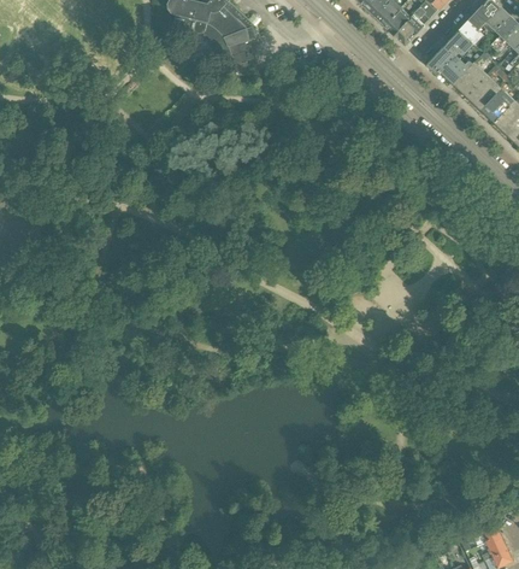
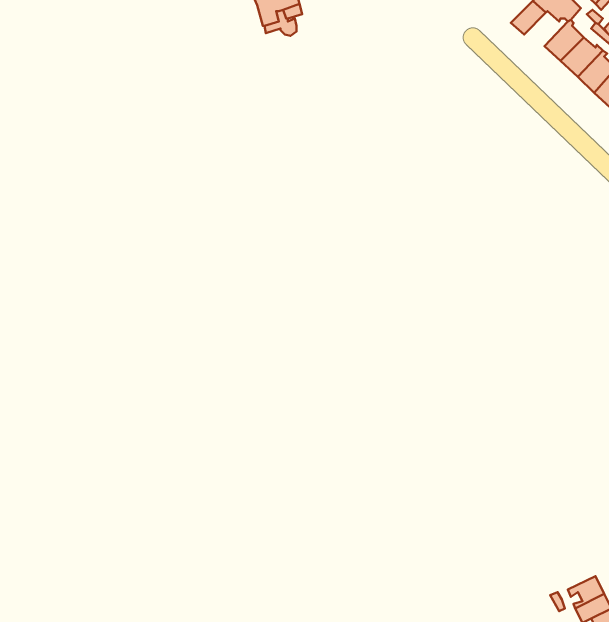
building: [437,54,473,86] -> none

